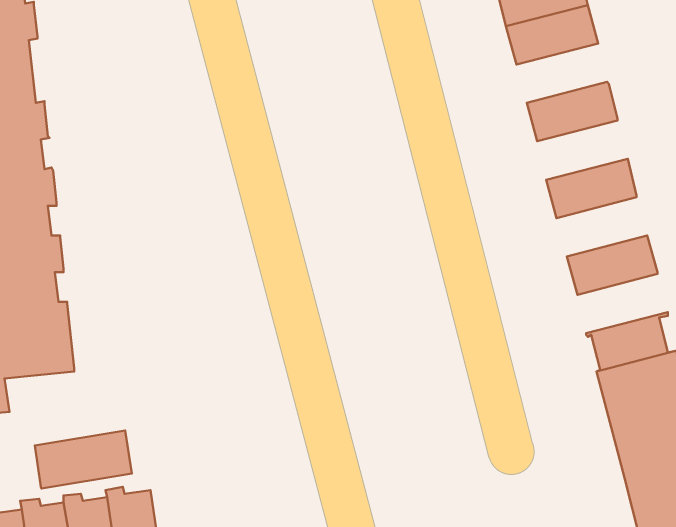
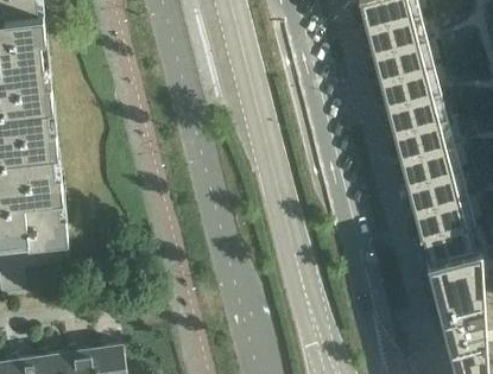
building: none -> [372,43,434,83]
building: none -> [386,95,448,135]
building: none -> [399,147,461,188]
building: none -> [413,199,475,240]
building: [35,430,132,489] -> none

